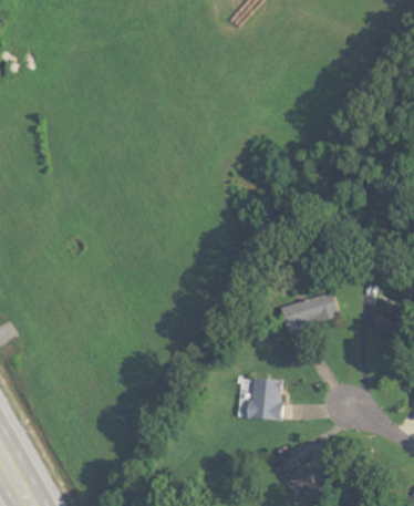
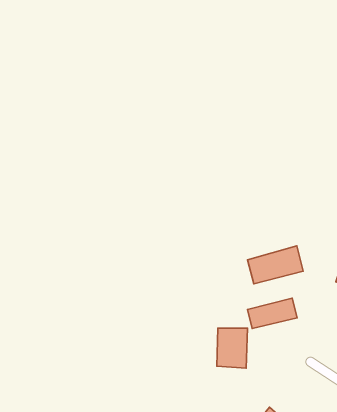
building: none -> [248,298,297,328]

